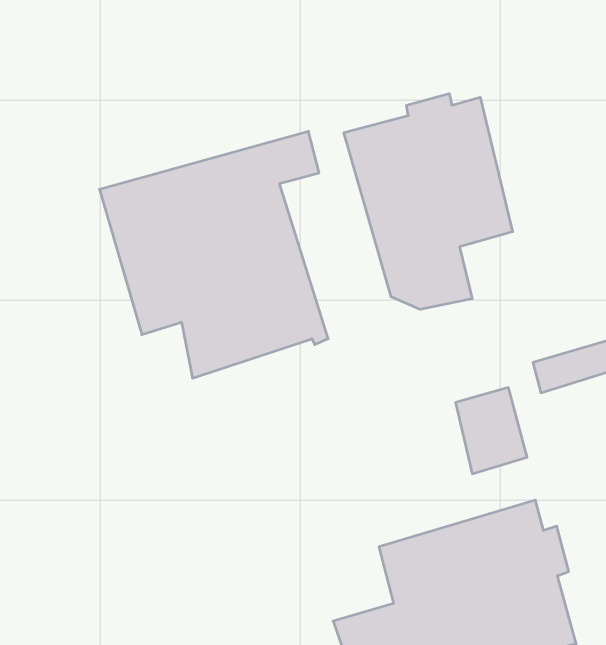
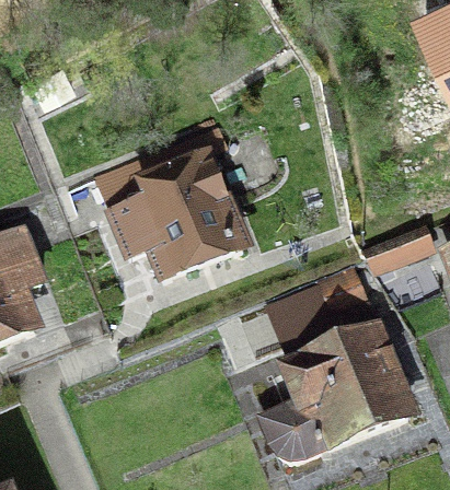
building: [344,94,513,309] -> none

